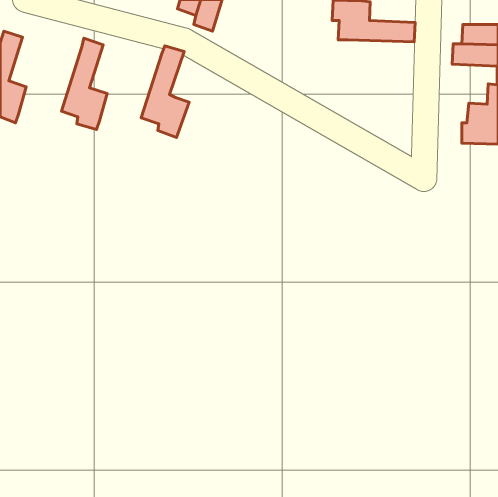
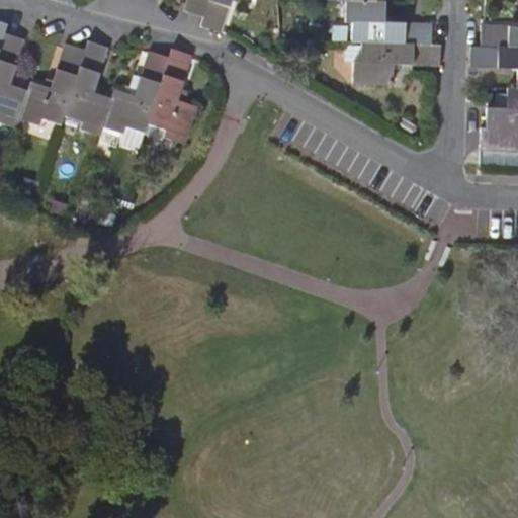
building: none -> [352,41,440,84]
building: none -> [19,42,85,124]
building: none -> [103,50,168,133]

